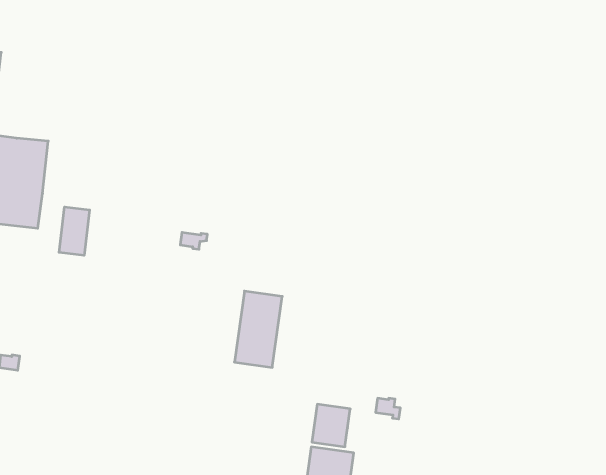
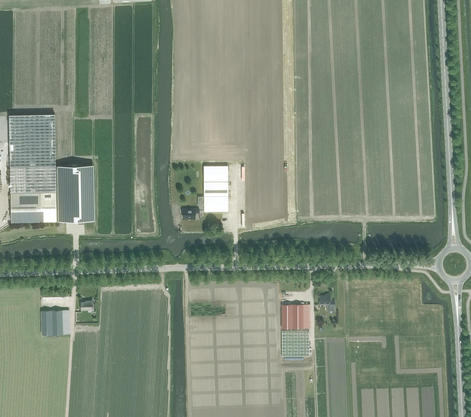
building: [59,207,90,255] -> none
building: [234,291,282,367] -> [204,166,228,211]

